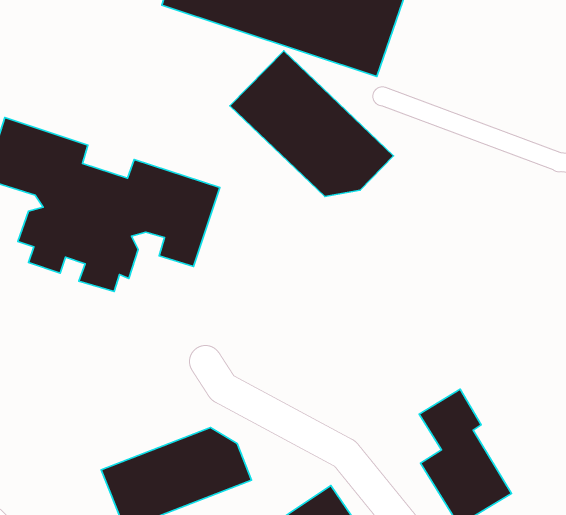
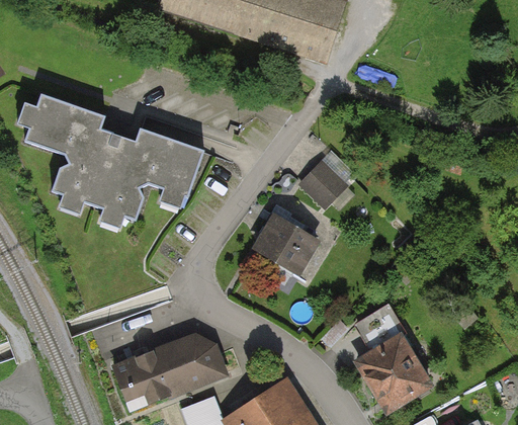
building: [230,51,393,197] -> none
building: none -> [298,162,345,208]
building: none -> [254,211,317,272]

